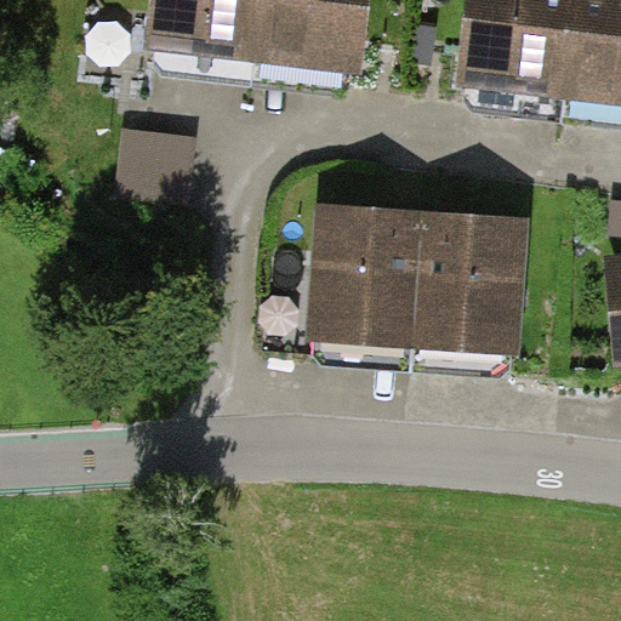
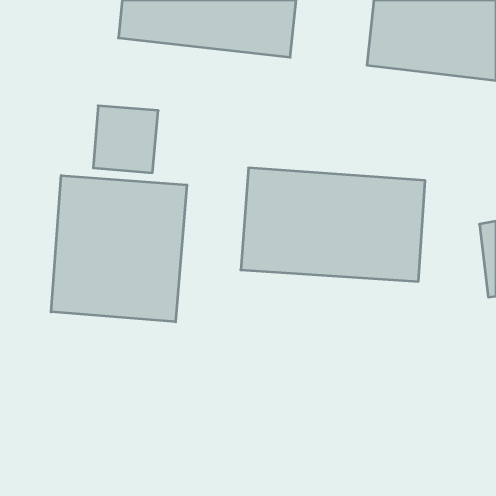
building: none -> [51,175,187,322]

